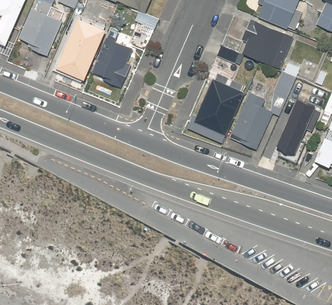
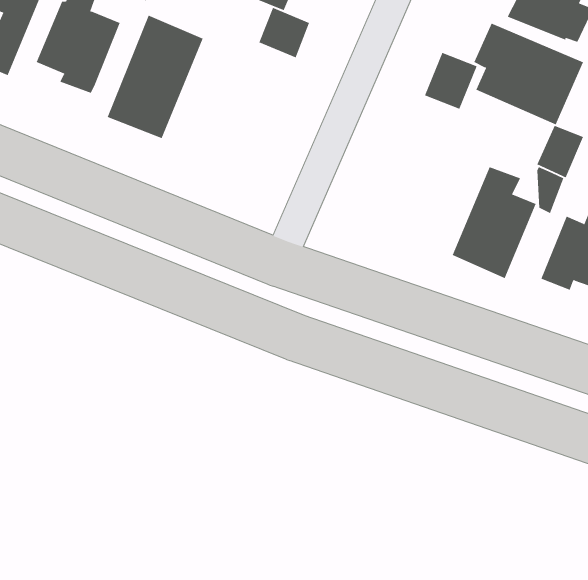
building: [92,37,131,87] -> none
building: [187,77,244,144] -> none

